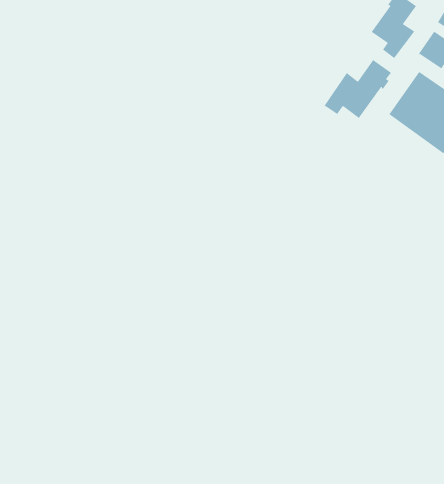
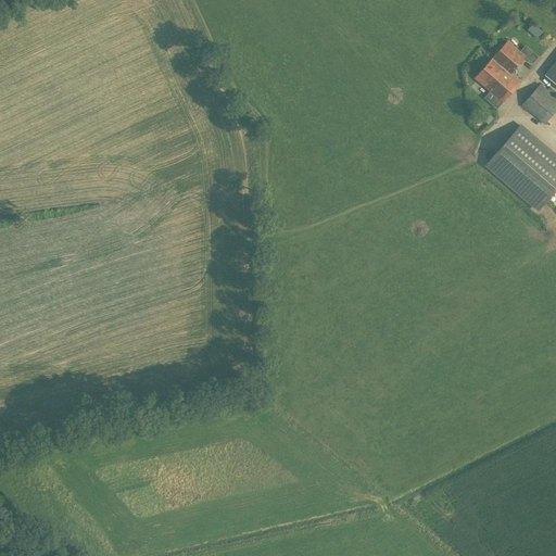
building: [324,59,392,119] -> none

